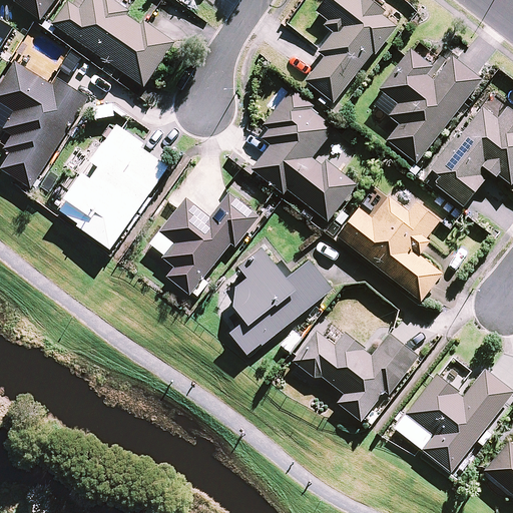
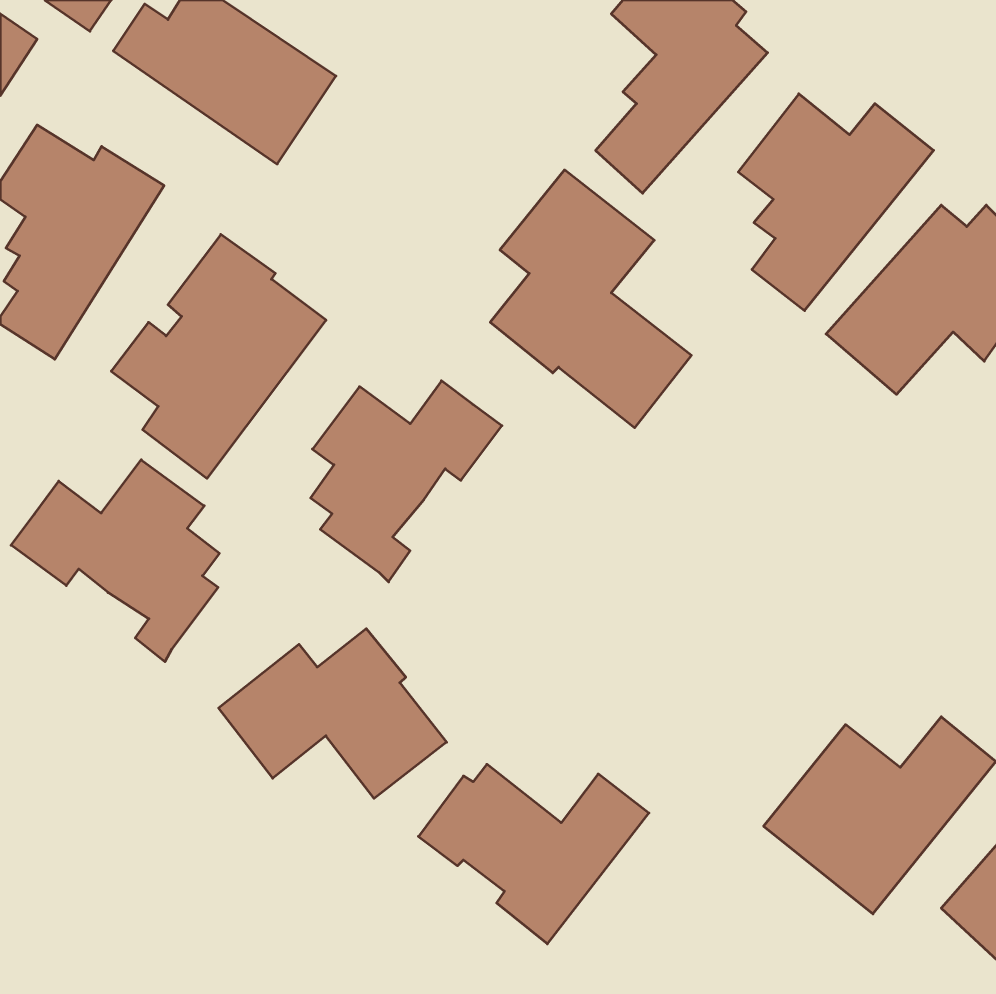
building: [337,195,441,300] -> none
building: none -> [11,460,219,662]
building: [222,250,333,354] -> none
building: none -> [219,629,447,798]
building: [296,327,414,419] -> [418,764,649,944]

